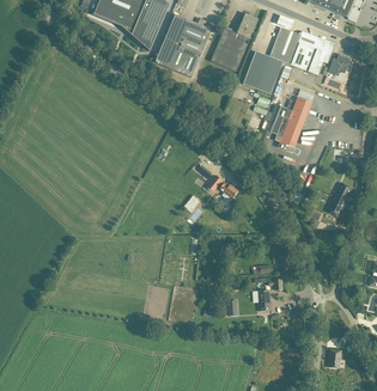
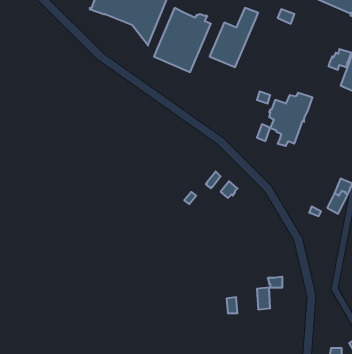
building: [243,28,335,93] -> none

